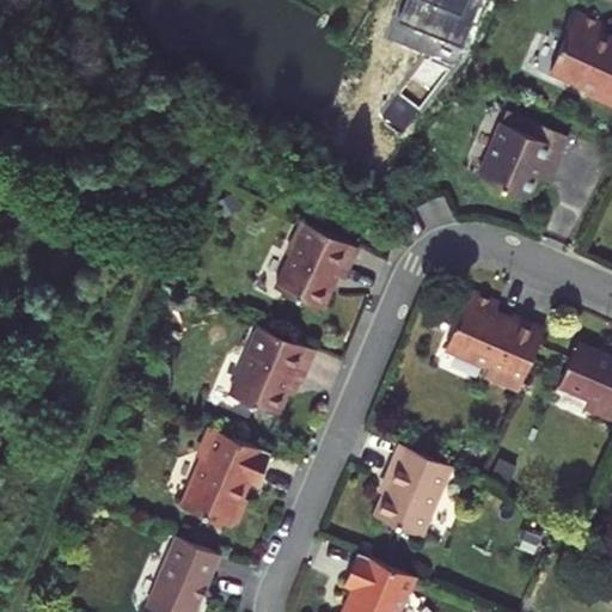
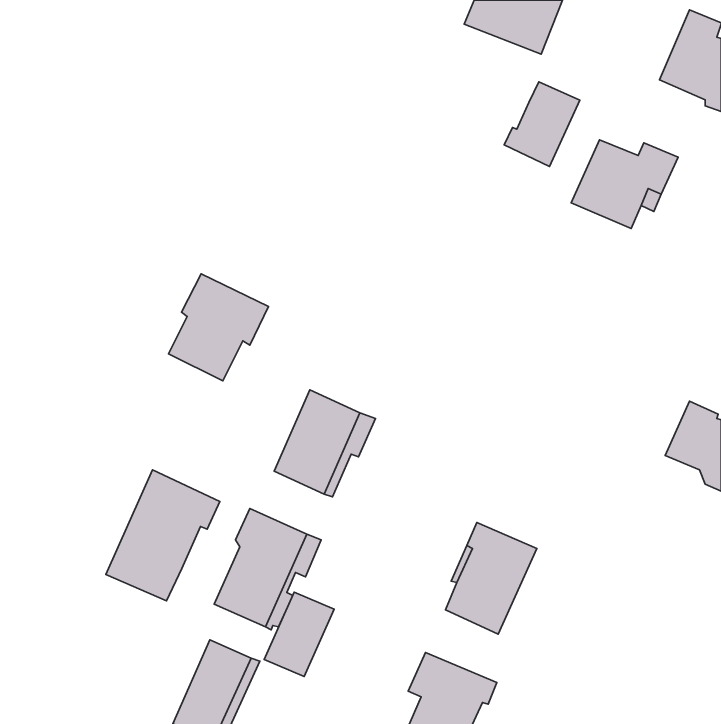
building: none -> [504,82,580,167]
building: [275,224,359,313] -> [168,274,268,381]
building: [442,292,543,391] -> none
building: none -> [106,470,220,601]
building: none -> [264,592,334,677]

